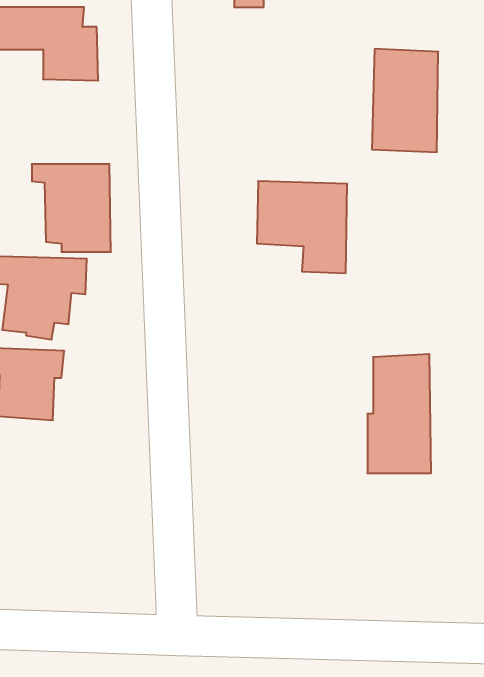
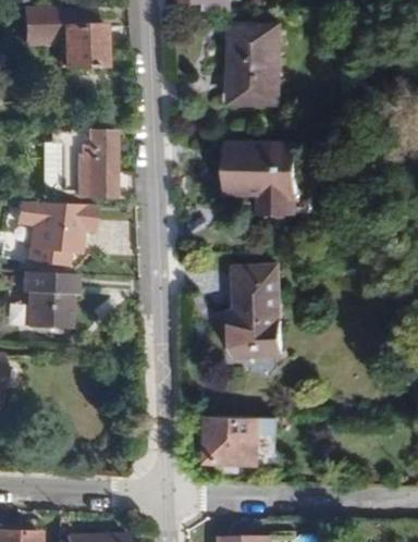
building: [372,49,438,152] -> [230,24,281,103]
building: [367,354,431,473] -> [231,266,280,357]
building: none -> [206,416,275,463]

